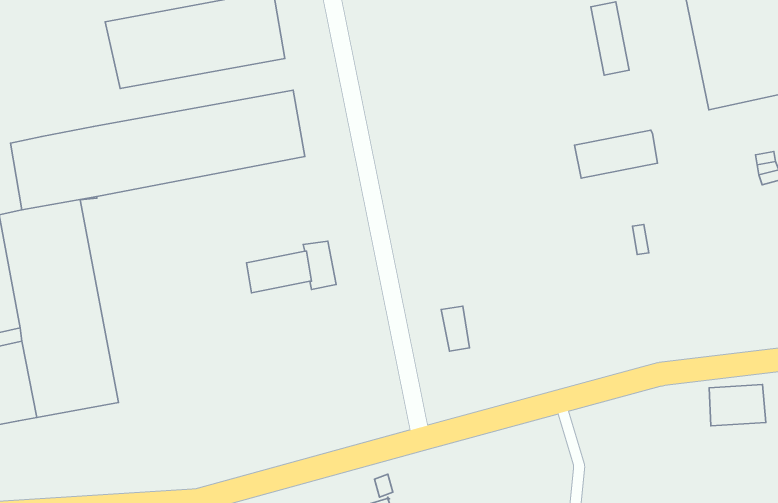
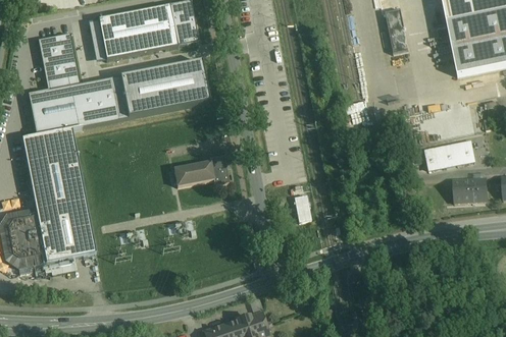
building: none -> [39,33,81,90]
building: [574,130,658,178] -> [424,138,475,168]
building: [709,384,766,426] -> [454,176,489,202]

